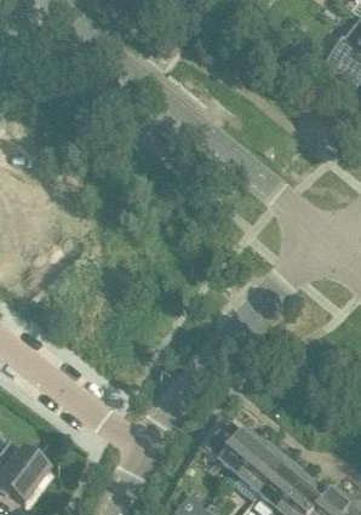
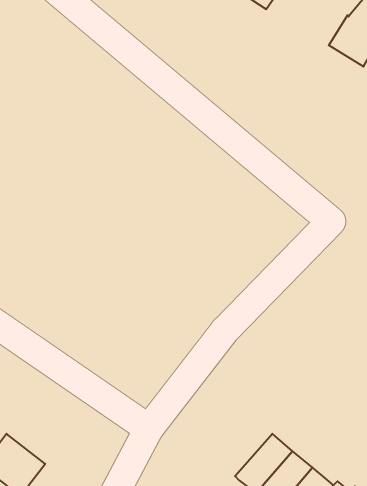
building: [202,419,267,482] -> none

